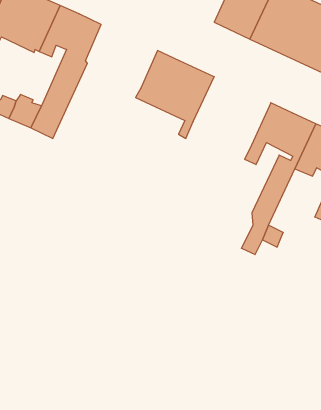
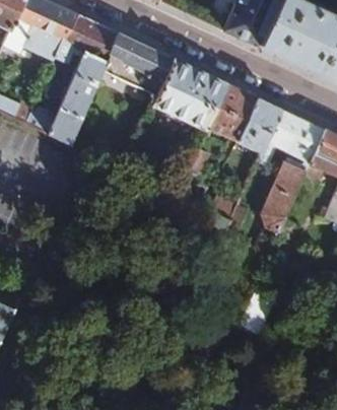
building: none -> [100,31,171,93]
building: none -> [205,82,280,152]

